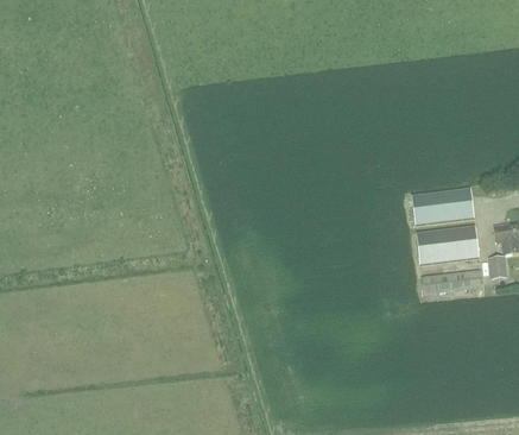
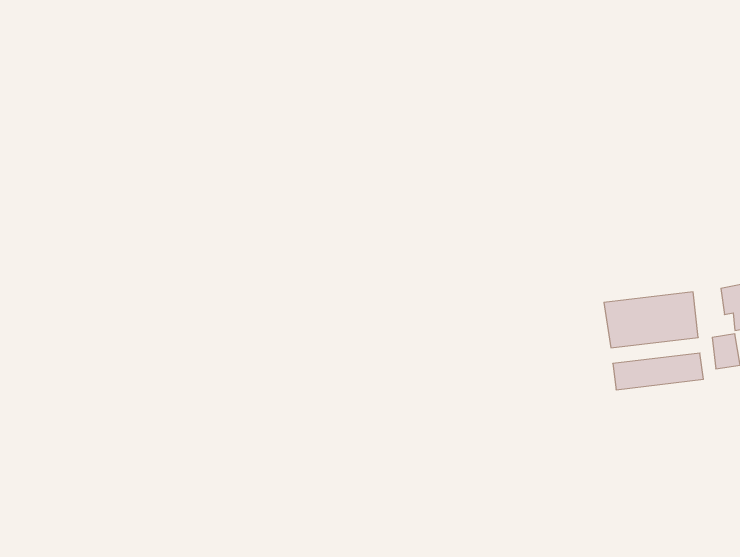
building: [411,187,474,223] -> none

